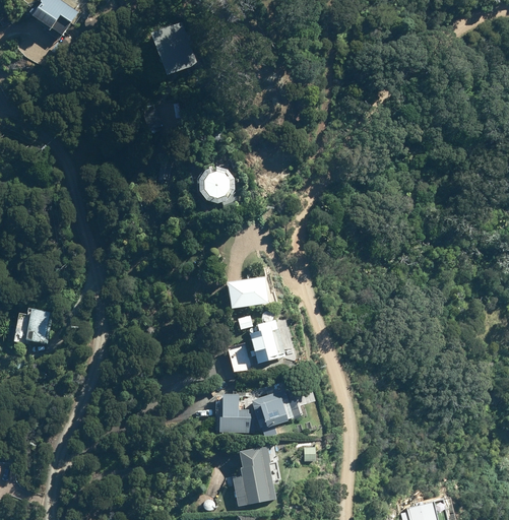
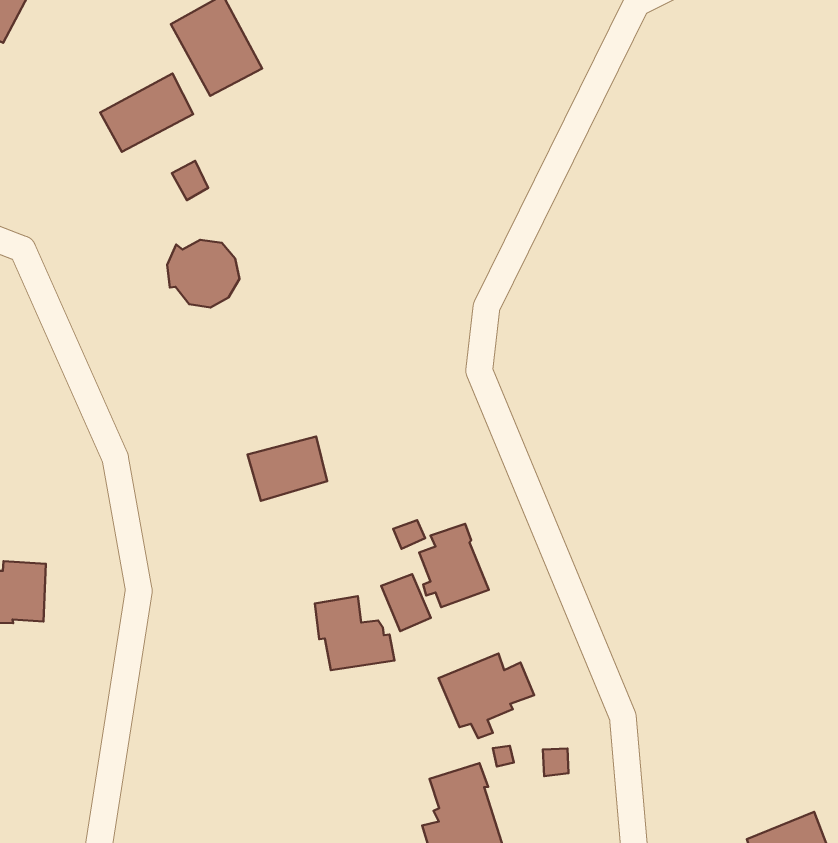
building: none -> [100,73,193,152]
building: [197,167,235,203] -> [167,240,240,307]
building: [228,277,268,308] -> [248,437,327,501]
building: [215,394,254,432] -> [315,596,395,670]

